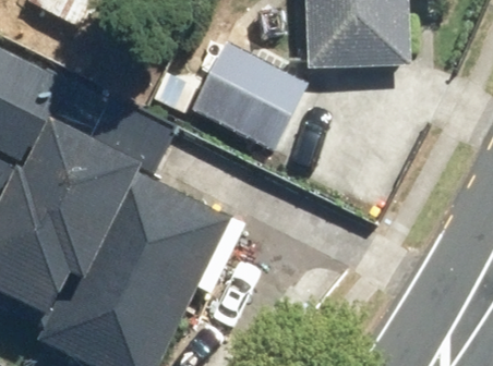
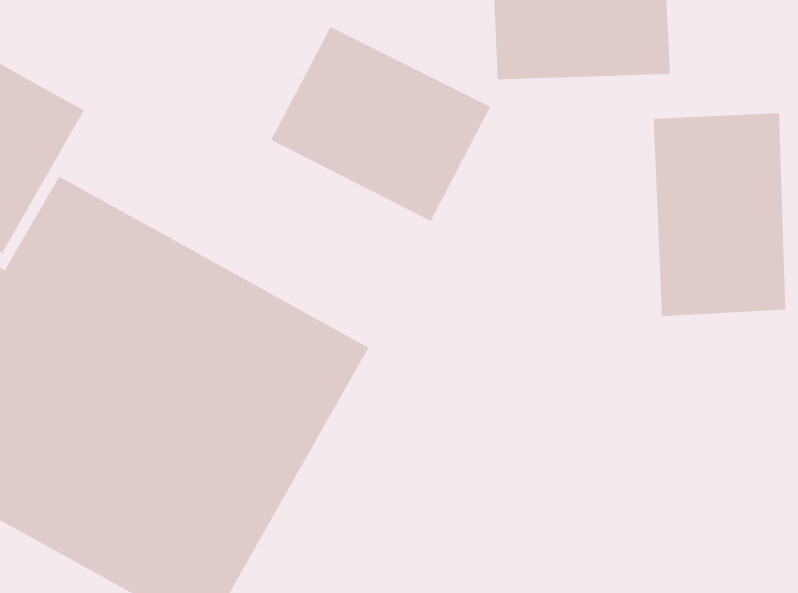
building: none -> [653,113,786,317]

